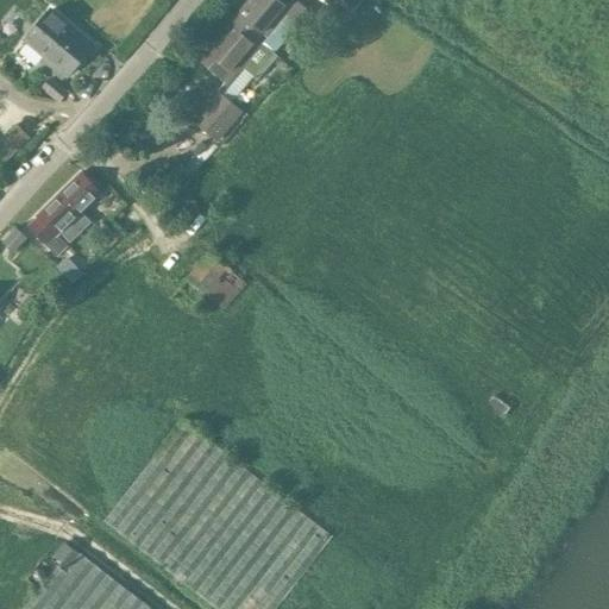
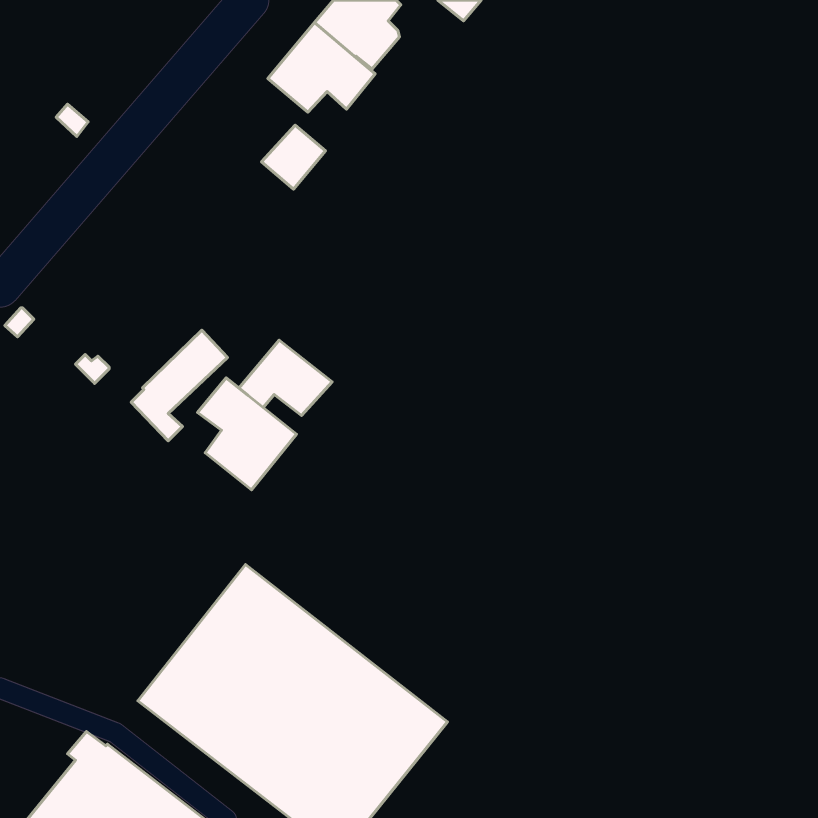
building: [21,11,94,80] -> none
building: [30,174,101,256] -> [131,330,227,441]
building: none -> [198,378,297,490]

